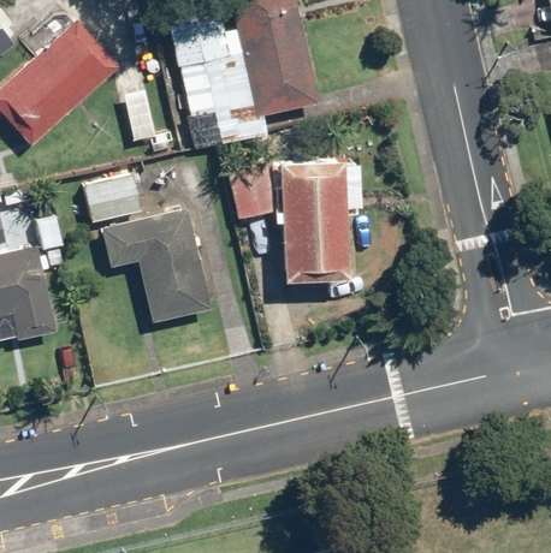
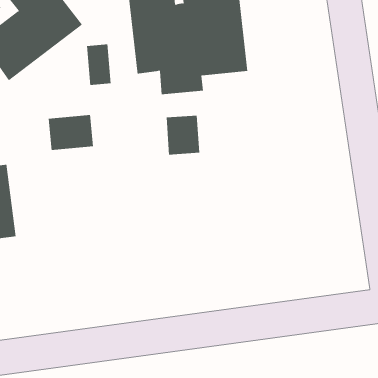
building: [273,159,357,280] -> none
building: [101,212,211,325] -> none

